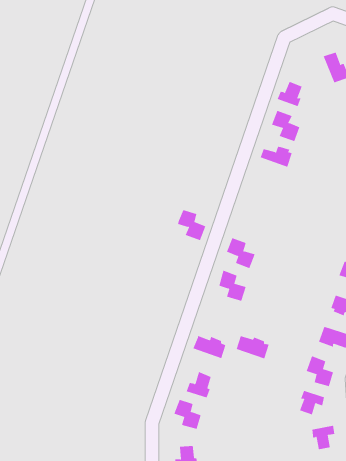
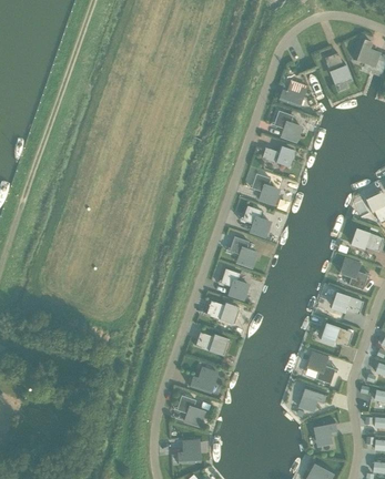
building: none -> [250,173,278,203]
building: [177,209,206,241] -> [241,205,270,236]
building: [236,336,269,359] -> [205,300,239,324]

